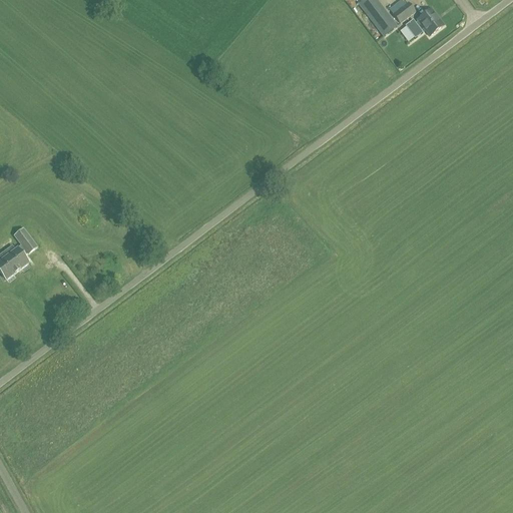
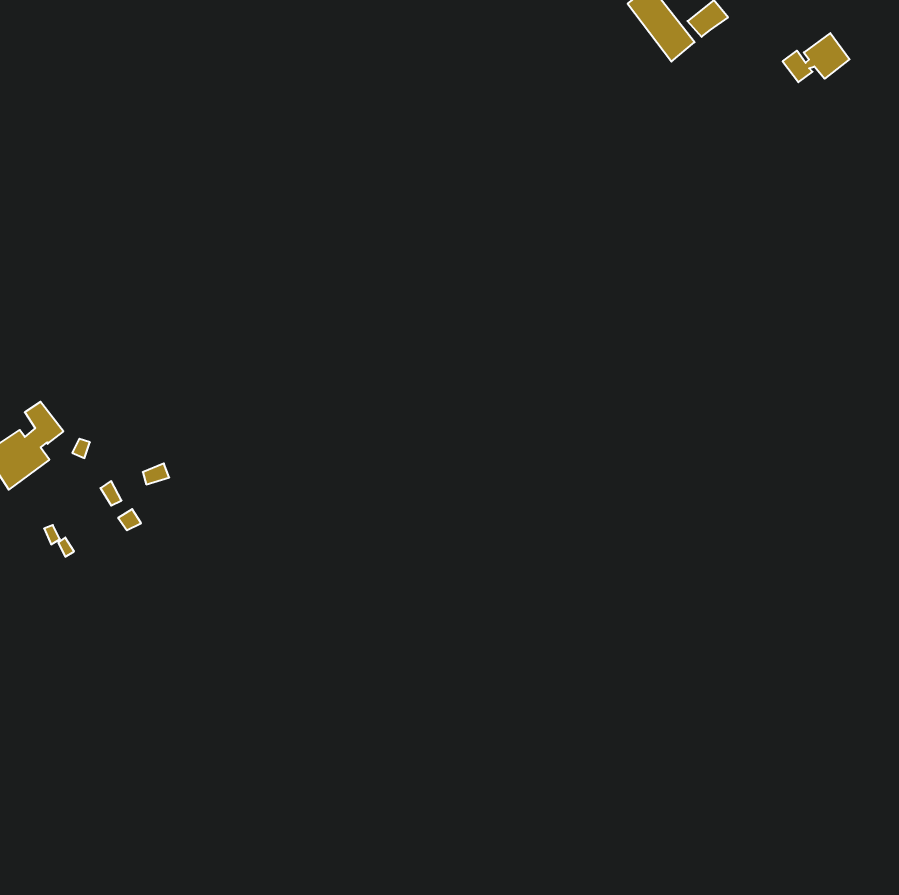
building: [404,8,442,36] -> [783,33,850,82]

